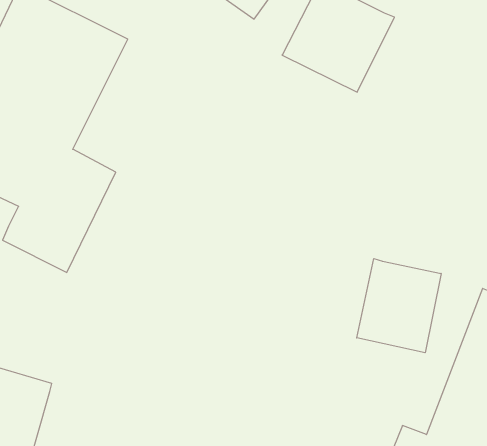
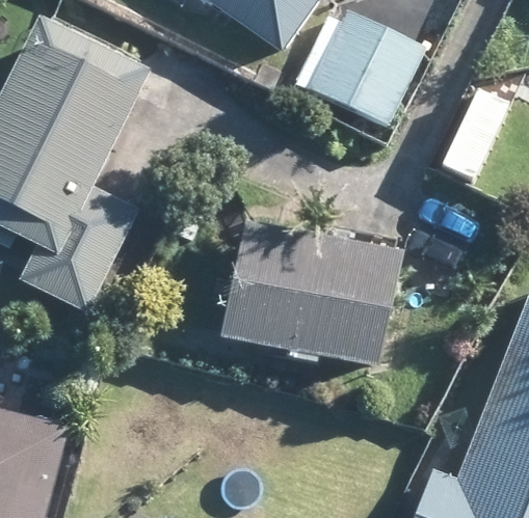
building: none -> [218,220,396,369]
building: [357,259,441,353] -> none

